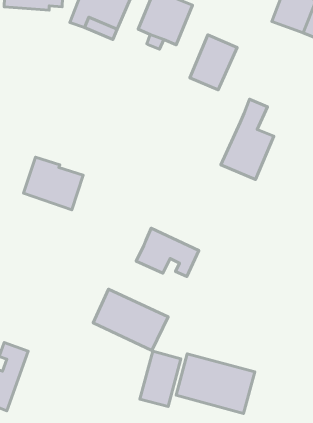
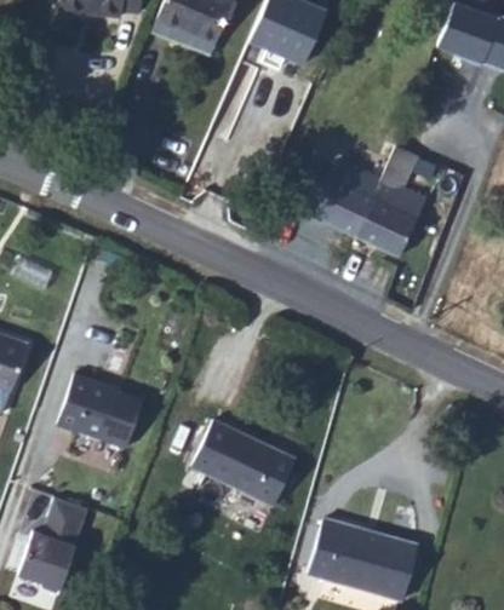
building: [190,35,237,90] -> [322,168,389,246]
building: [23,157,83,210] -> [61,368,144,442]
building: [136,228,199,276] -> none
building: [140,351,181,406] -> none

